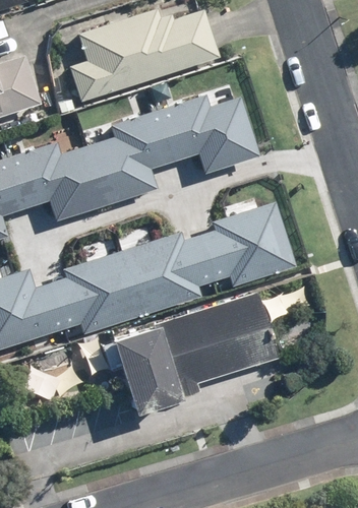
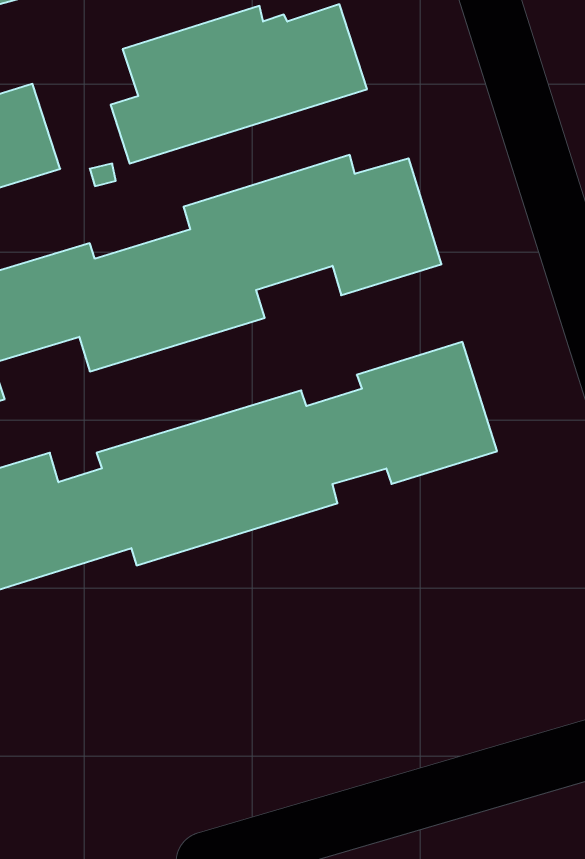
building: [110,291,278,410] -> none

